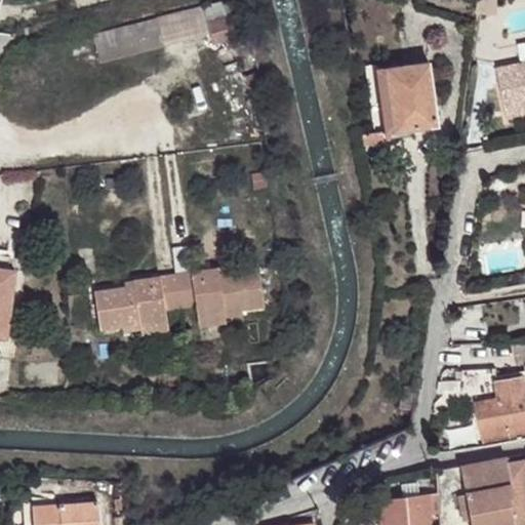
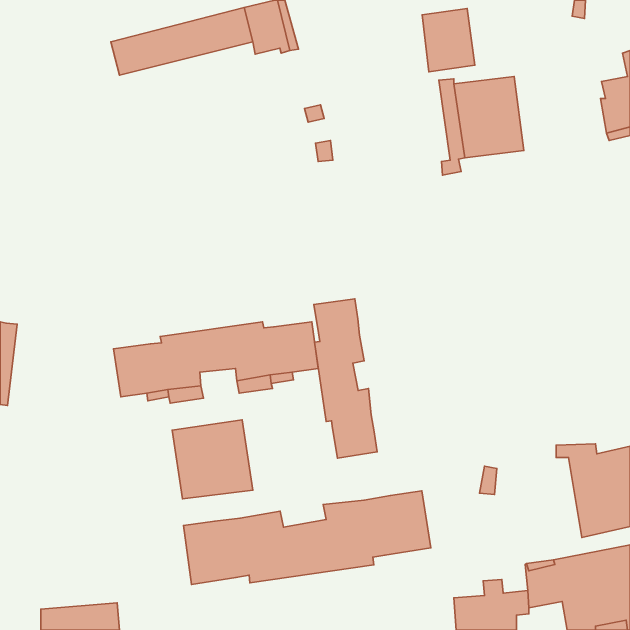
building: none -> [422,8,475,72]
building: none -> [314,299,377,458]
building: none -> [172,420,253,499]
building: none -> [183,491,431,584]

